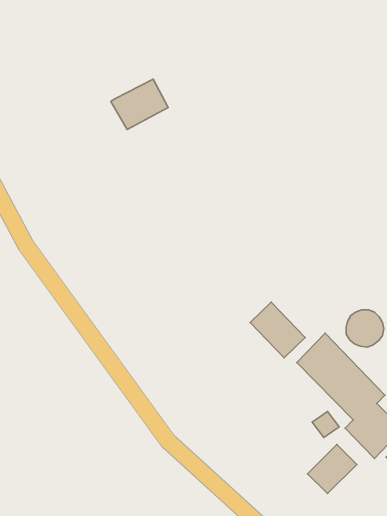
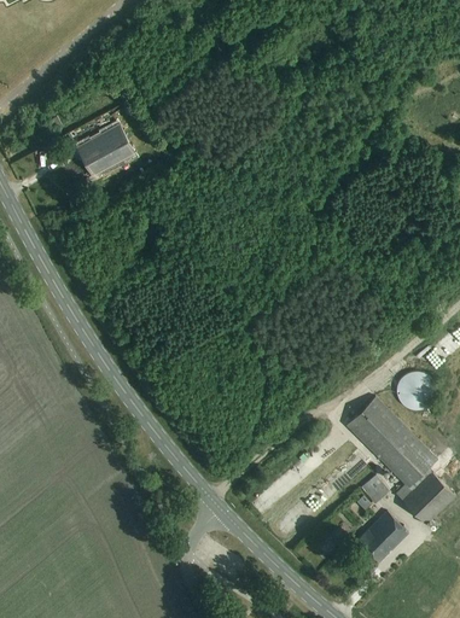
building: [111,79,168,130] -> [75,124,134,176]
building: [250,302,305,358] -> none

